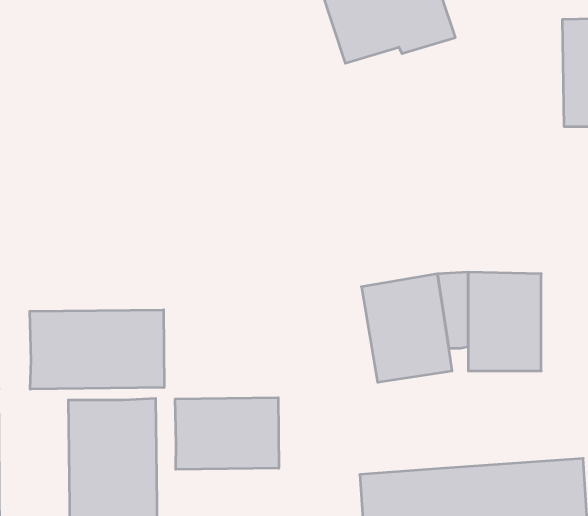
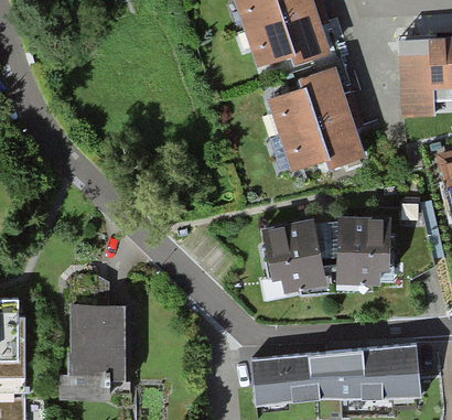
building: none -> [267,71,366,177]
building: [30,310,164,389] -> none
building: [175,398,279,469] -> none

